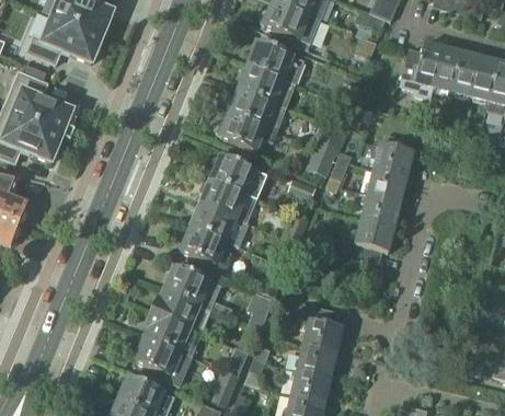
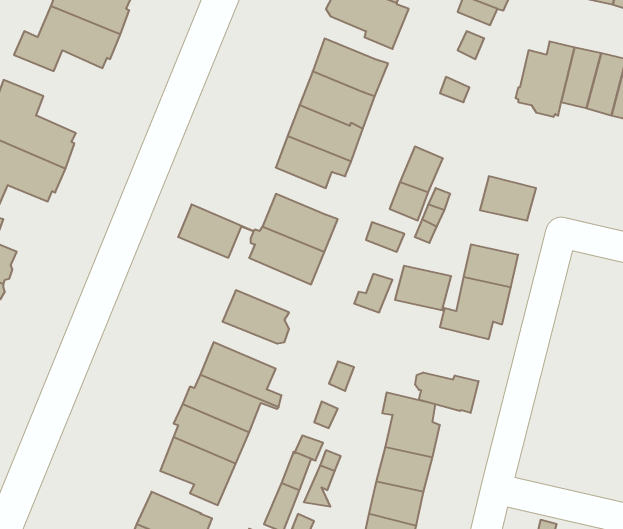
building: [366,166,408,199] -> [395,266,451,310]
building: [192,201,248,241] -> [178,204,253,258]
building: none -> [415,372,479,413]

